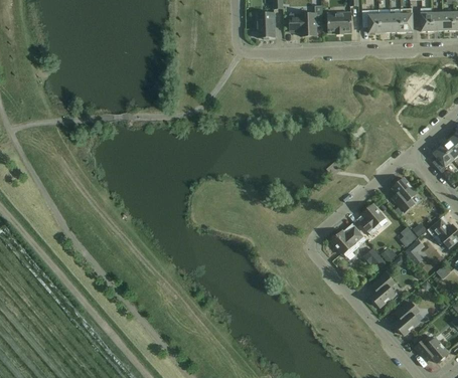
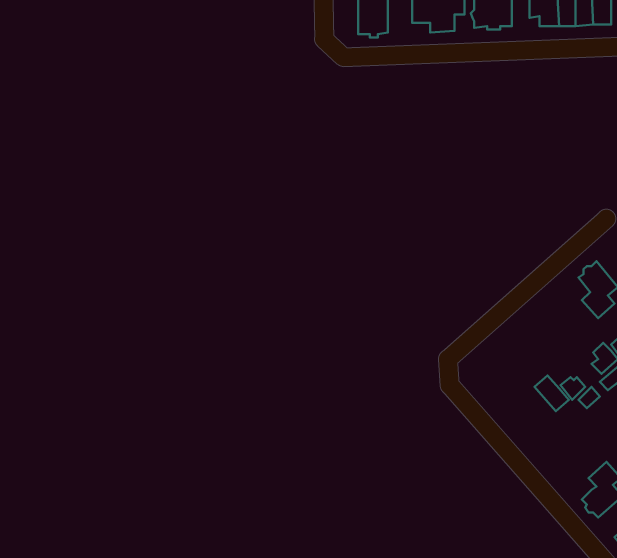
building: [359,204,385,235] -> none
building: [330,226,365,256] -> none
building: [369,272,395,307] -> none

